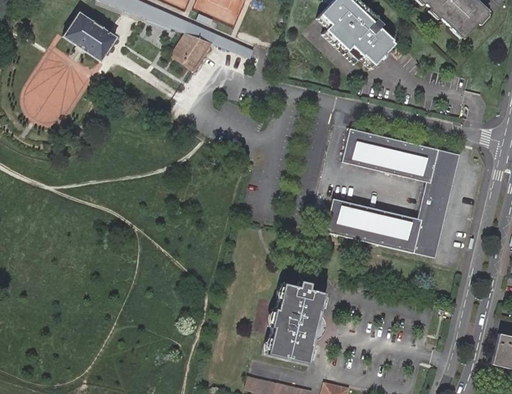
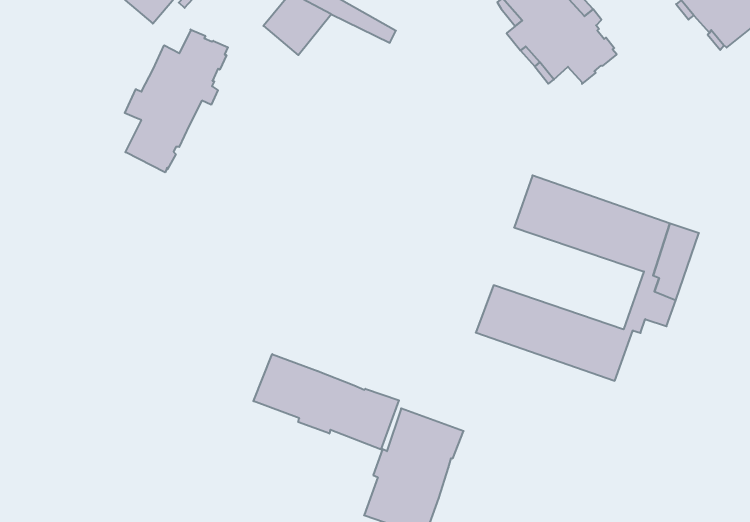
building: none -> [125,29,228,172]
building: [416,212,445,258] -> none
building: none -> [253,354,399,449]

